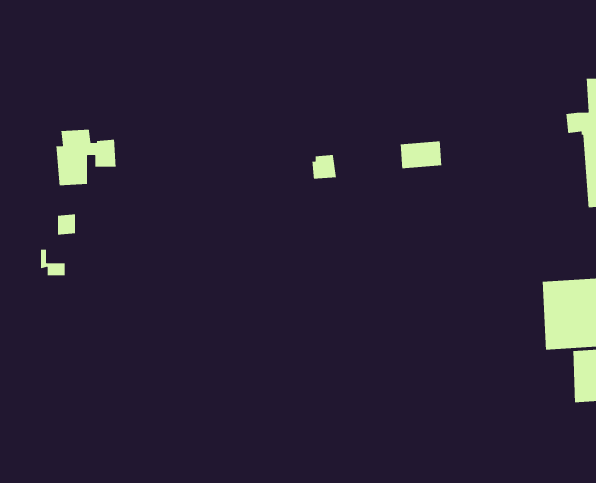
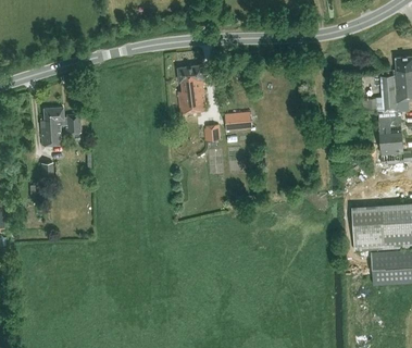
building: none -> [178,64,205,112]
building: [400,141,442,169] -> [225,112,252,130]

